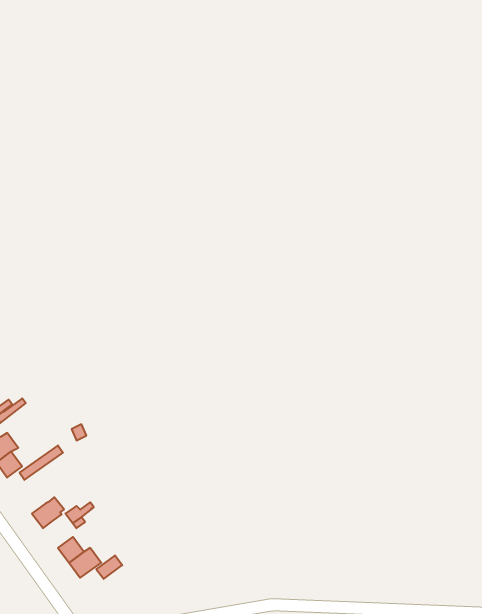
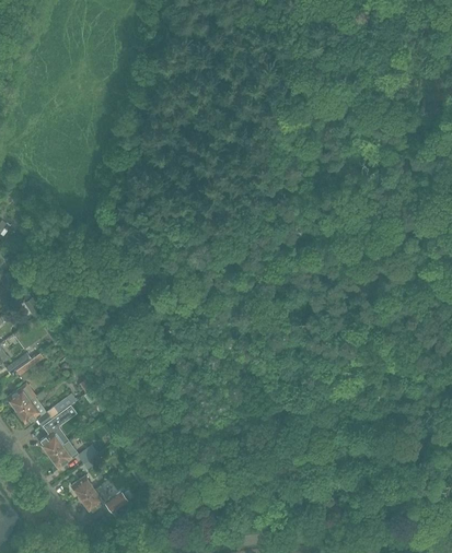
building: none -> [39,405,71,456]

